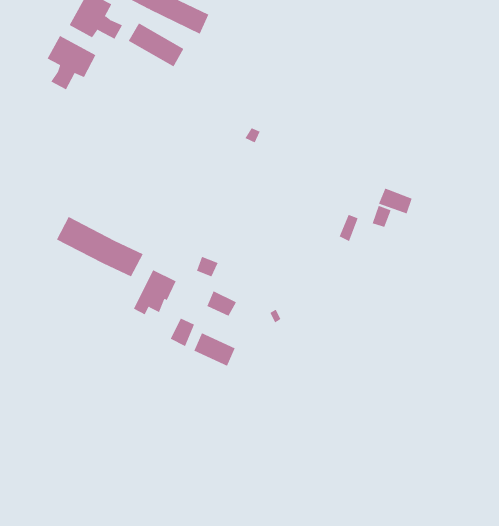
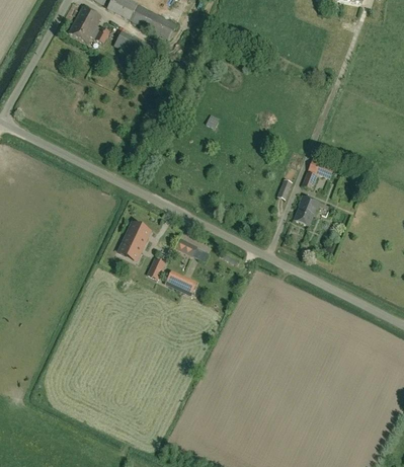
building: [47,35,96,90] -> none
building: [56,216,144,277] -> none
building: none -> [294,196,320,226]

